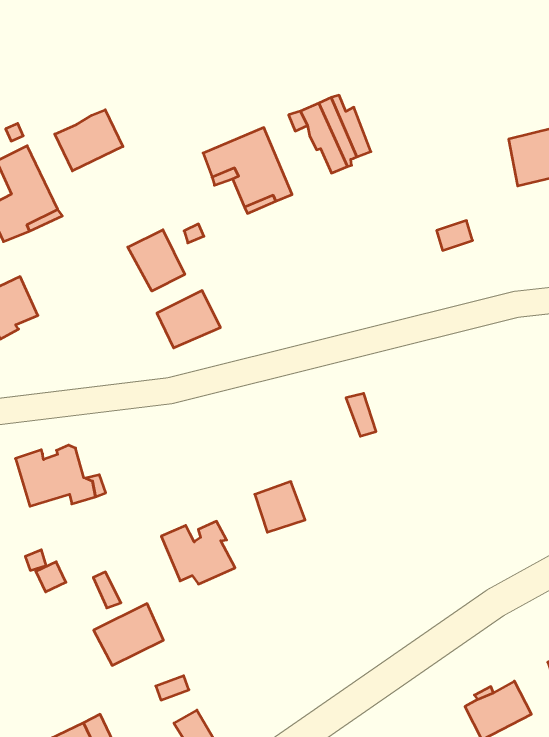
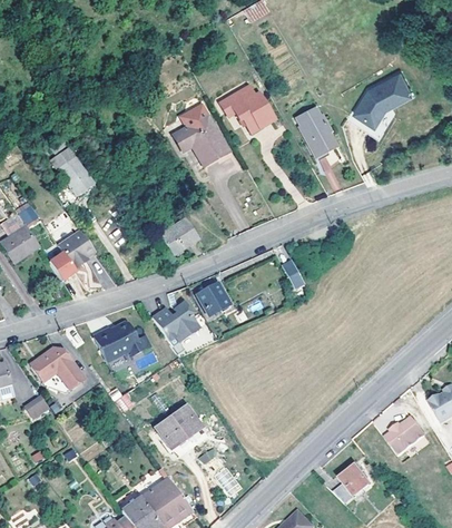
building: [55,110,123,171] -> none
building: none -> [295,107,336,155]
building: [128,230,185,291] -> none
building: [255,482,305,532] -> [197,282,229,314]
building: [161,521,235,584] -> [150,301,197,340]

